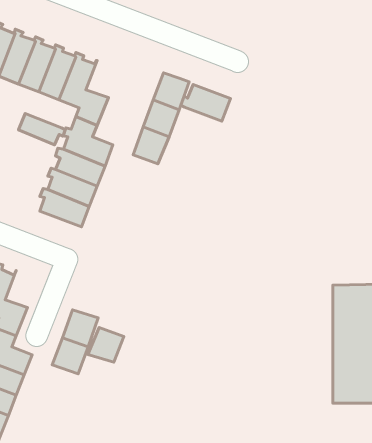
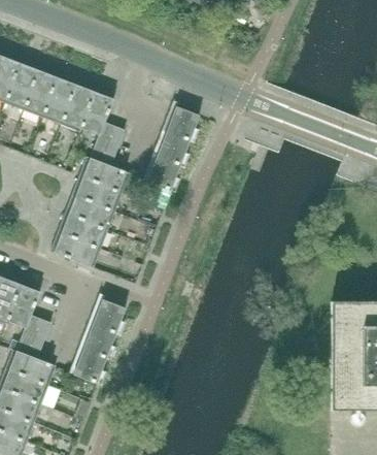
building: [181,85,231,121] -> none
building: [19,114,65,145] -> none
building: none -> [55,231,100,267]
building: [88,327,124,362] -> [92,299,125,331]

